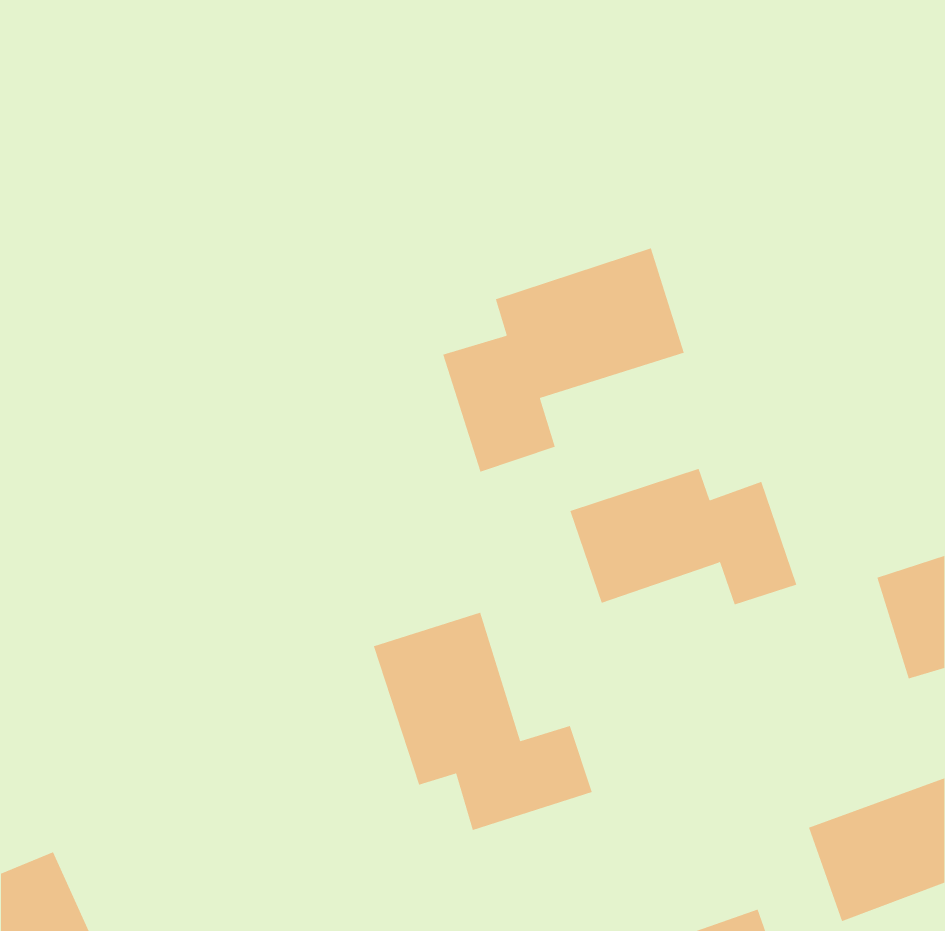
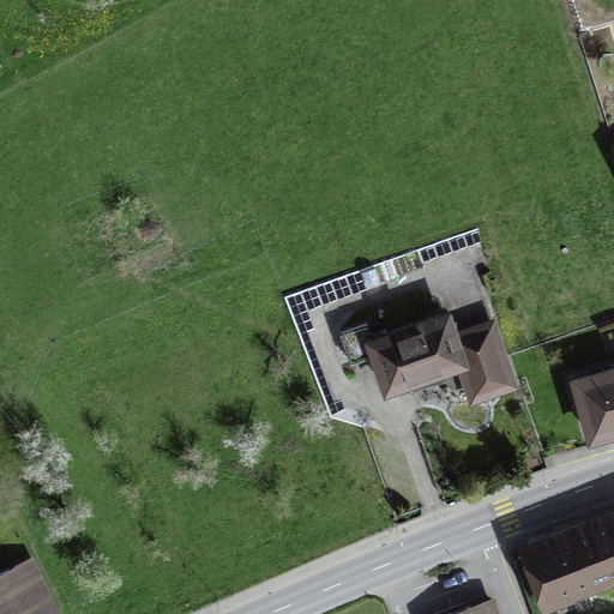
building: [443,248,684,472] -> none
building: [373,612,593,831] -> none

